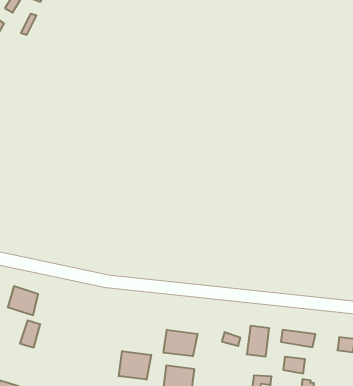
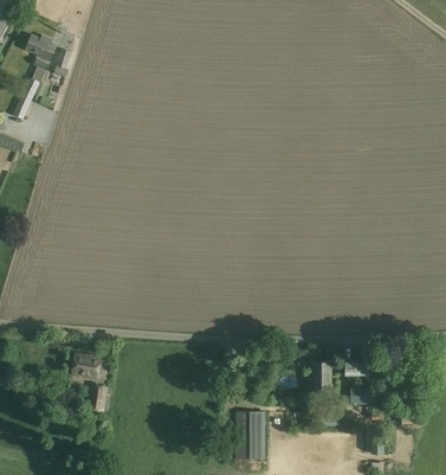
building: [164,330,198,356] -> none
building: [119,351,151,380] -> none

